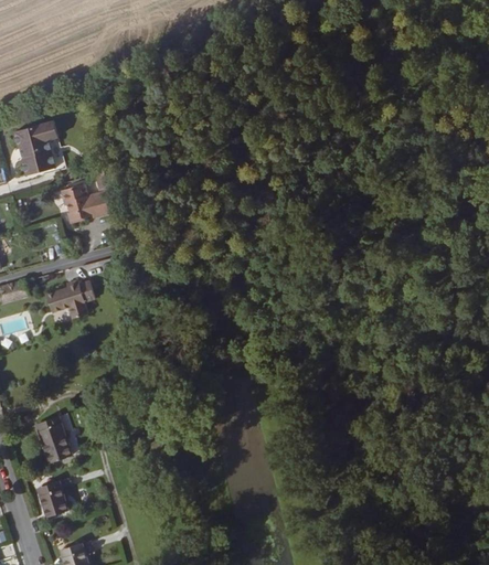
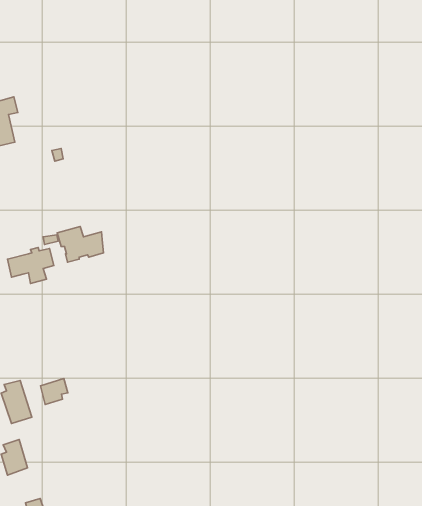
building: [63,181,111,218] -> [57,226,103,262]
building: none -> [41,379,68,404]

